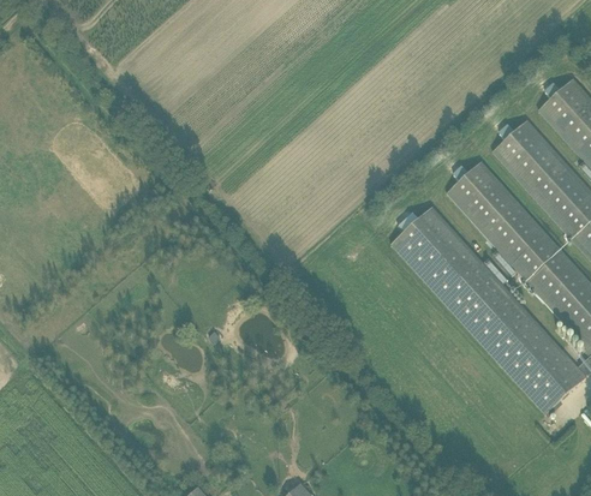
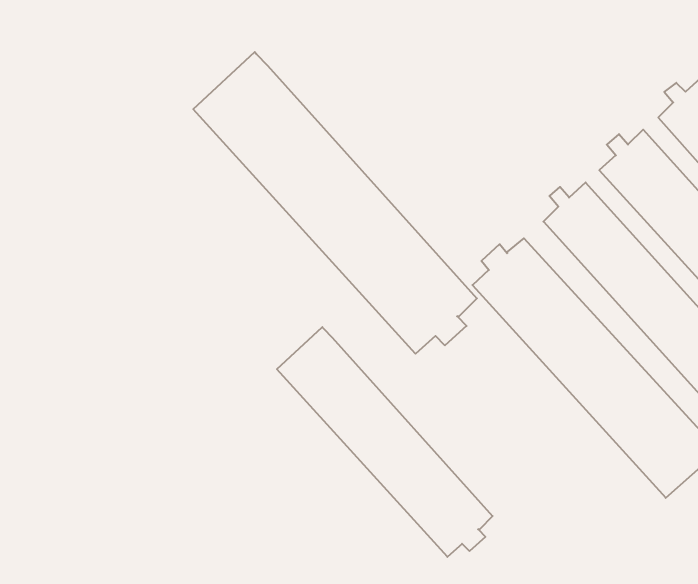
building: none -> [193,52,477,354]
building: none -> [277,327,493,557]

